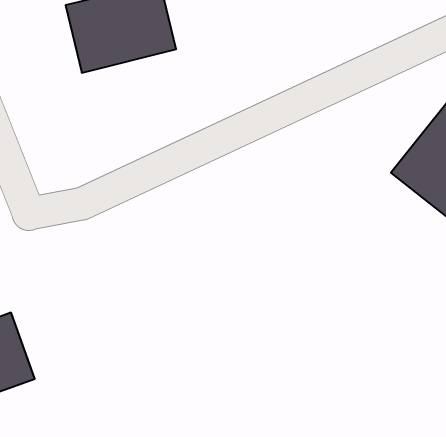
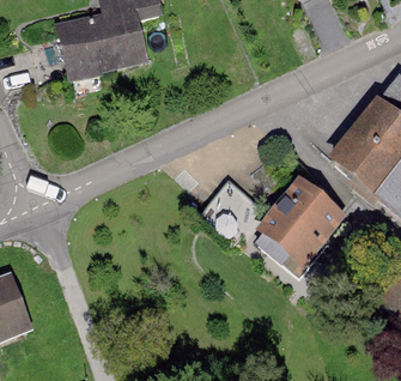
building: none -> [256,177,348,270]

